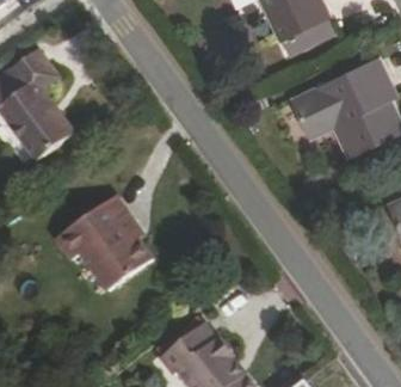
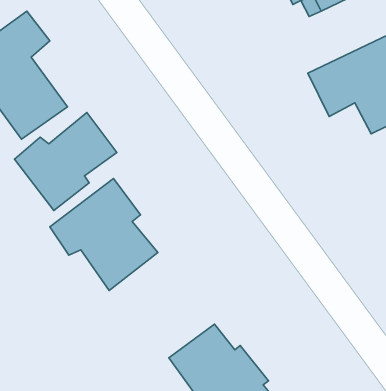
building: none -> [14,113,117,211]

